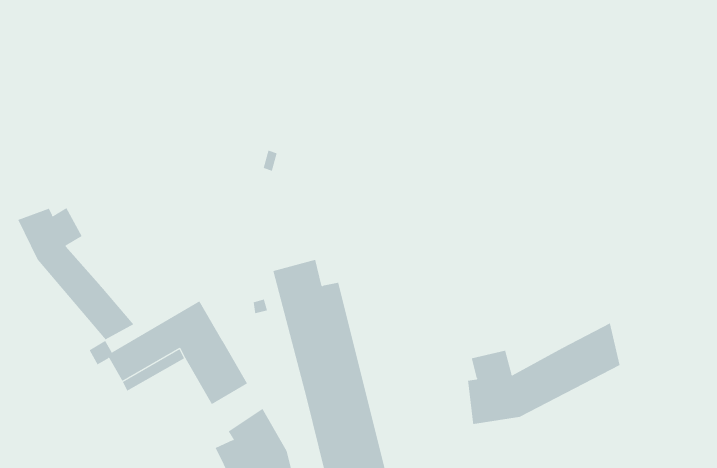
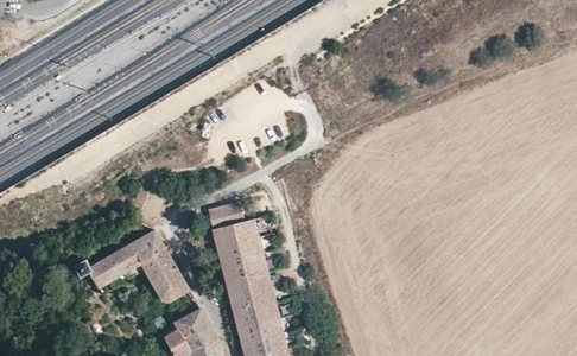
building: [18,207,134,340] -> none
building: [468,323,620,425] -> none

